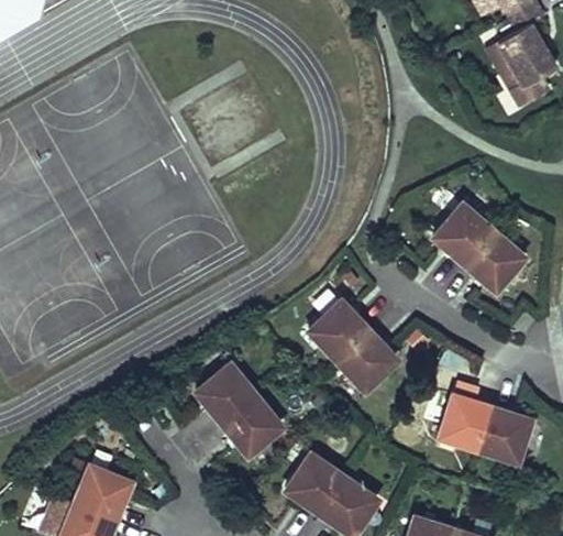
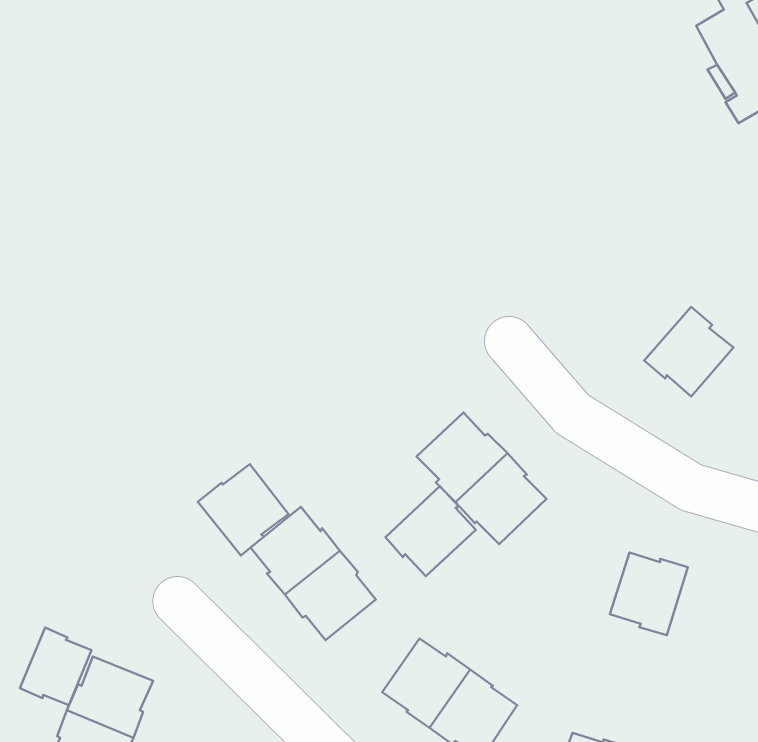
building: [433,204,494,265] -> none
building: none -> [198,464,288,555]
building: none -> [385,486,476,576]
building: [477,405,529,461] -> none
building: none -> [20,628,91,705]

